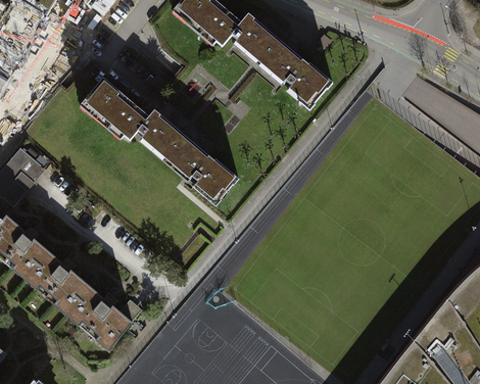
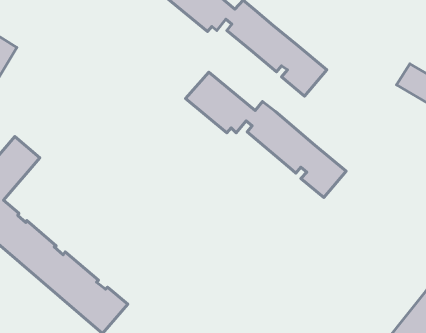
building: [79,79,241,205] -> [186,72,346,198]

